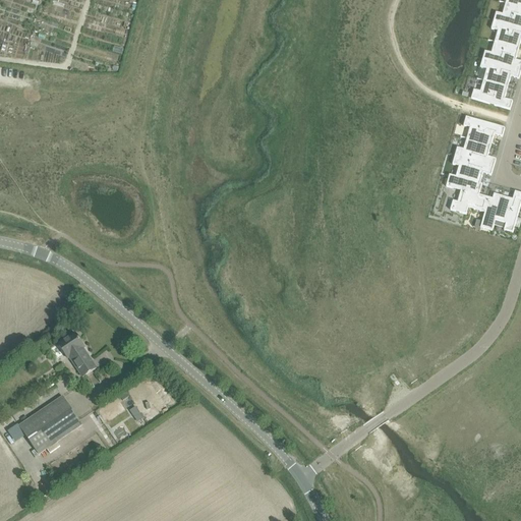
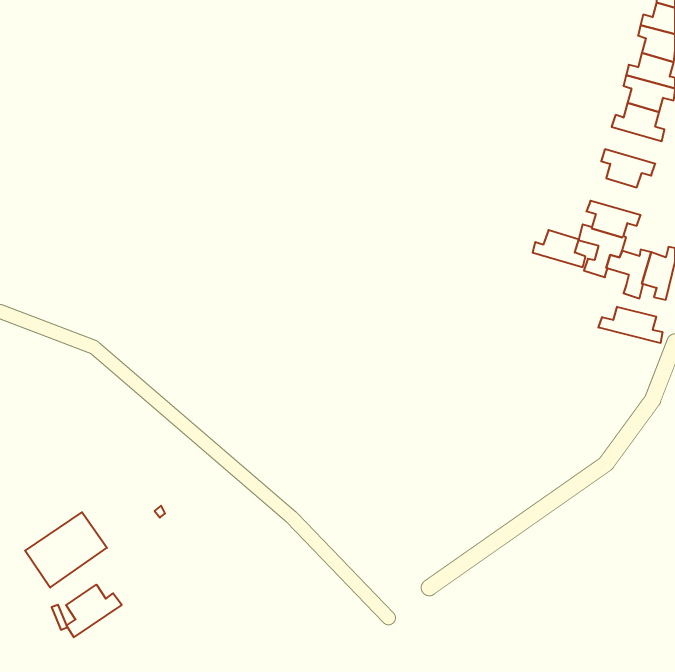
building: [455,137,496,166] -> [533,230,585,267]
building: none -> [598,307,663,343]
building: [58,331,97,375] -> none
building: none -> [66,585,122,637]

